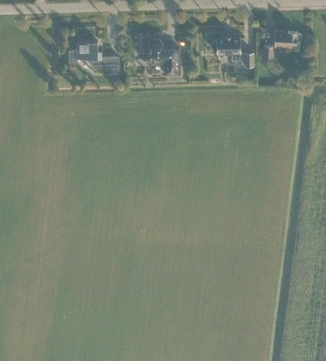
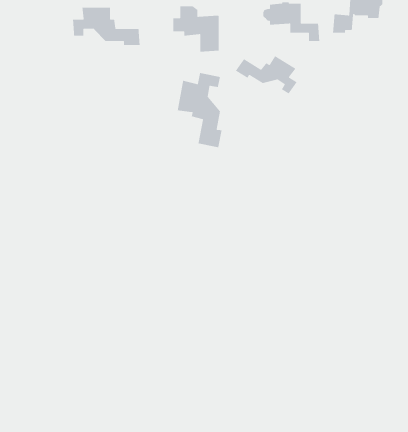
building: none -> [235,55,298,96]
building: none -> [177,72,222,148]

